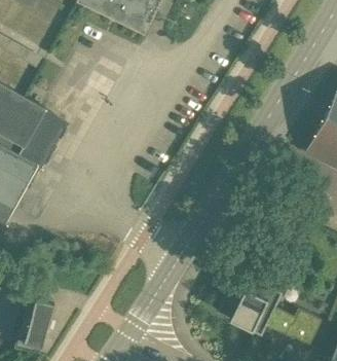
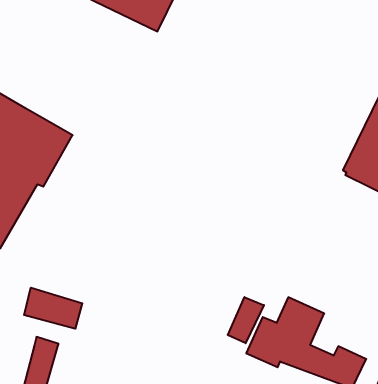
building: none -> [24,288,82,329]
building: none -> [228,297,264,343]

